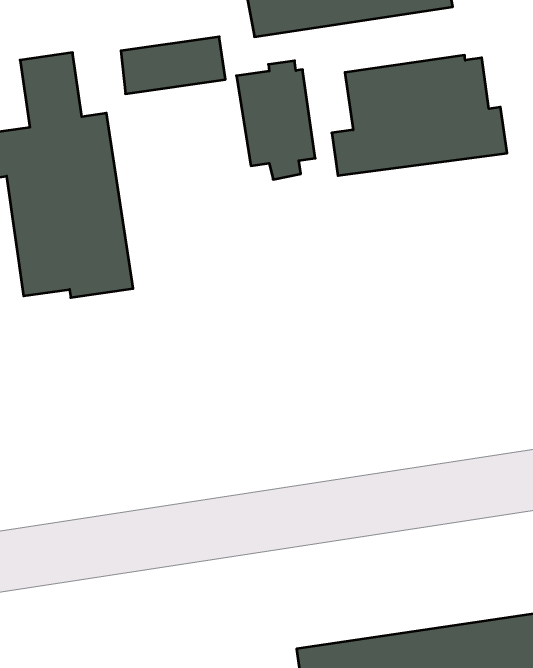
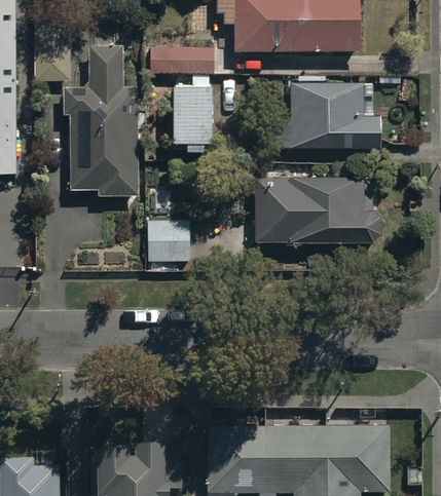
building: [236,61,315,179] -> [172,78,213,149]
building: none -> [253,177,378,241]
building: none -> [149,217,189,265]

